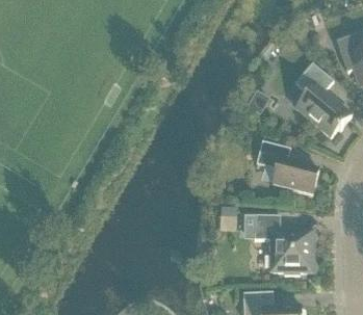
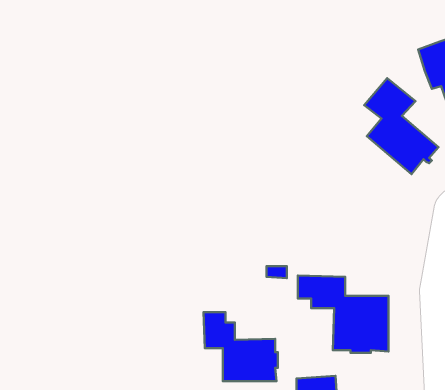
building: [257,139,320,193] -> none
building: none -> [203,312,278,381]

